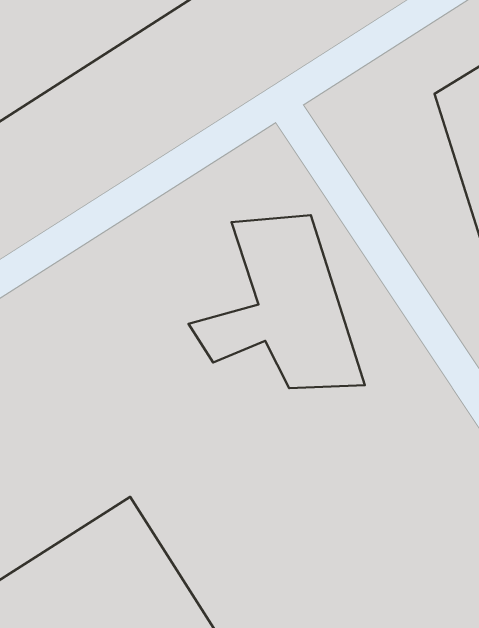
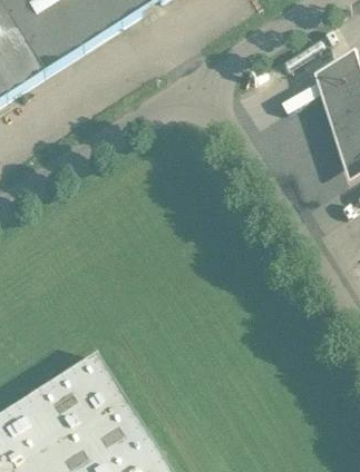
building: [189,215,365,388] -> none

